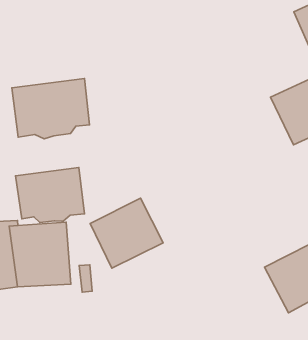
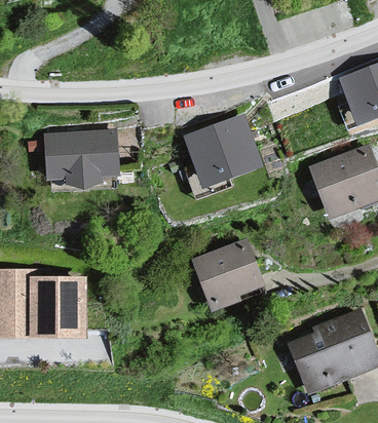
building: none -> [185,116,261,185]
building: [16,168,85,222] -> none
building: [90,198,163,268] -> [192,236,266,306]

